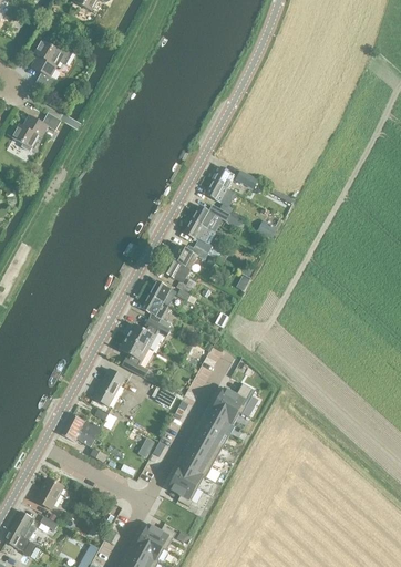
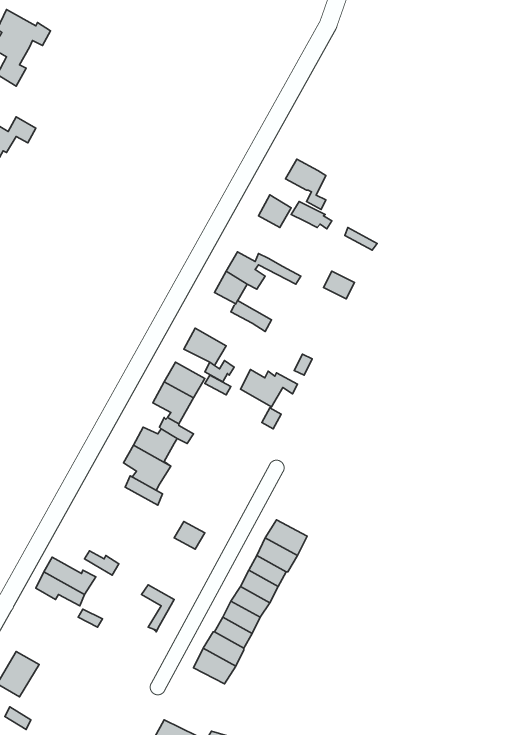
building: [205,179,233,214] -> [285,159,326,210]
building: [169,243,208,268] -> [241,370,297,407]
building: [93,368,128,408] -> none

